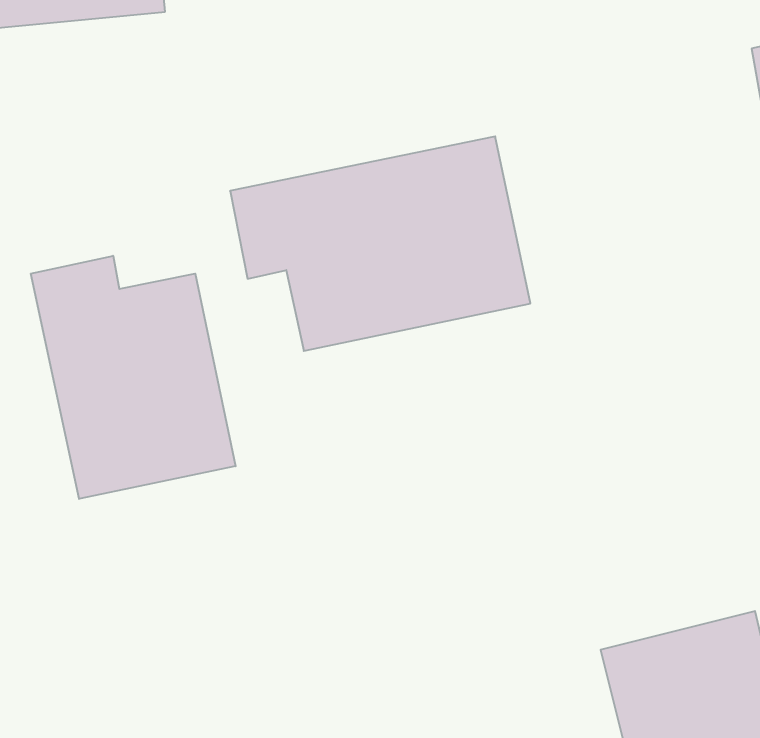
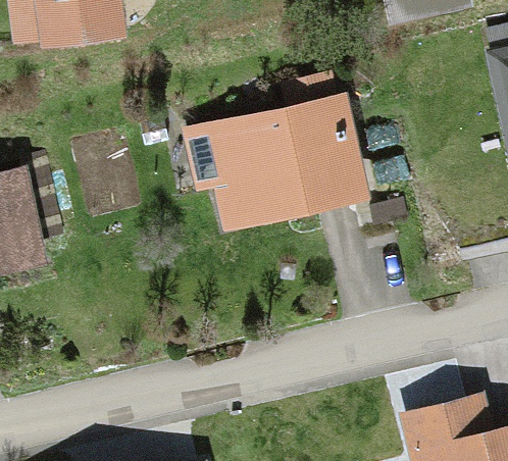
building: [31,256,236,499] -> none

